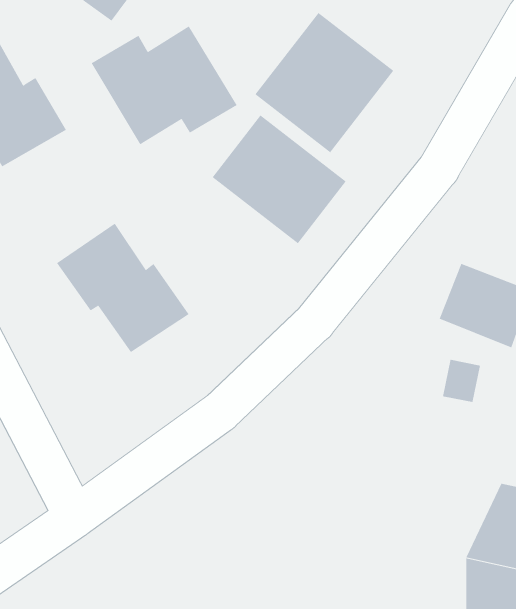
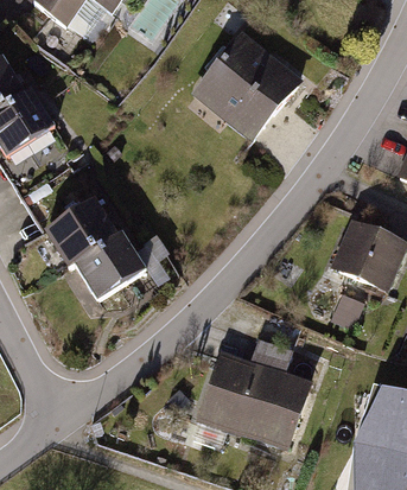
building: [91,26,238,145] -> none
building: [212,115,347,244] -> none
building: none -> [192,343,309,453]

